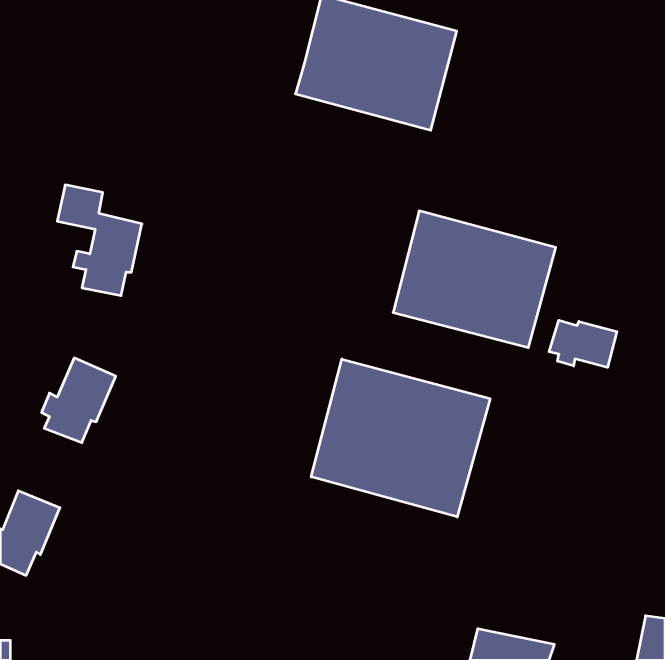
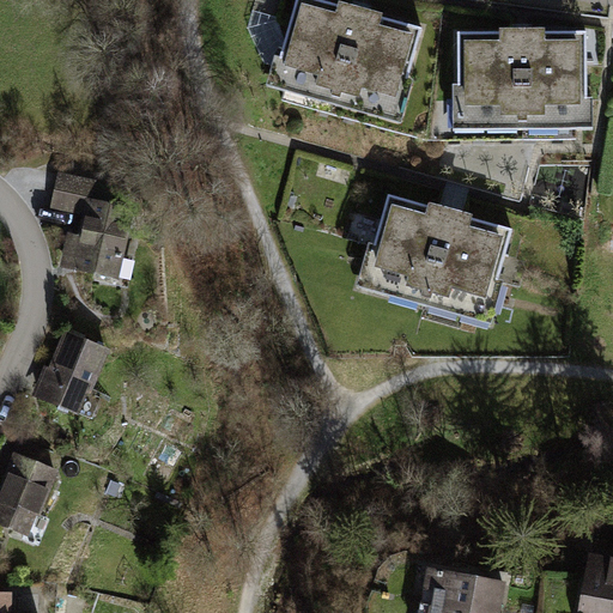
building: none -> [456,31,588,134]
building: [549,320,617,367] -> none
building: [311,359,490,517] -> none

